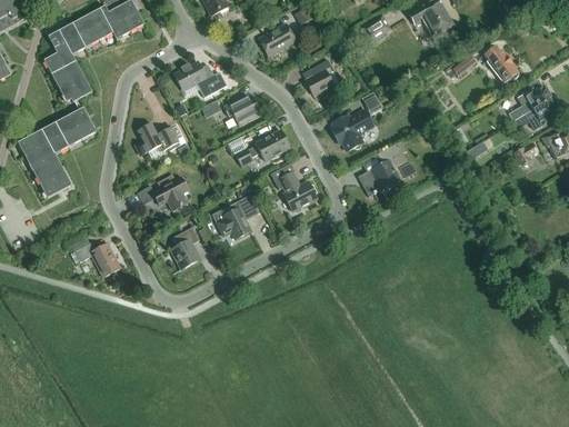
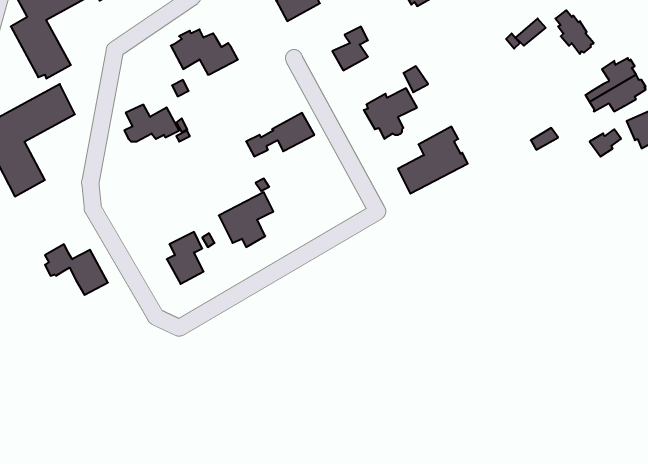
building: [223,93,262,123] -> none
building: [270,168,317,210] -> none
building: [137,175,188,209] -> none

